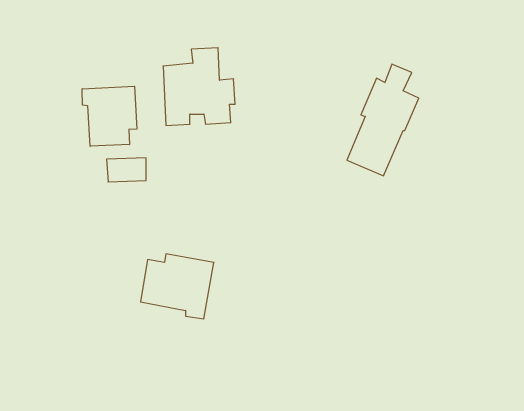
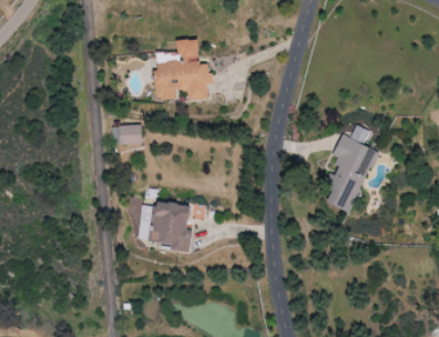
building: [347,64,419,176] -> [320,124,377,212]
building: [82,86,137,146] -> none

